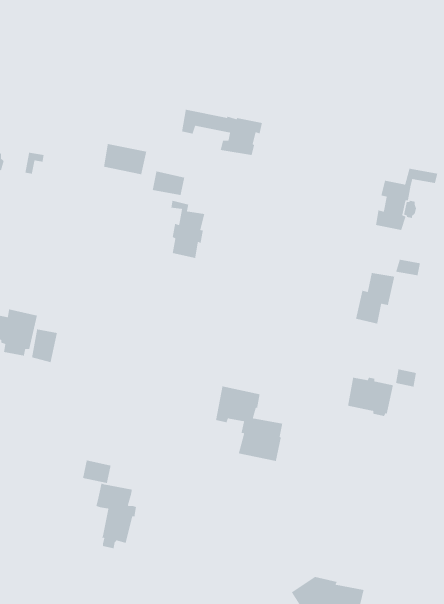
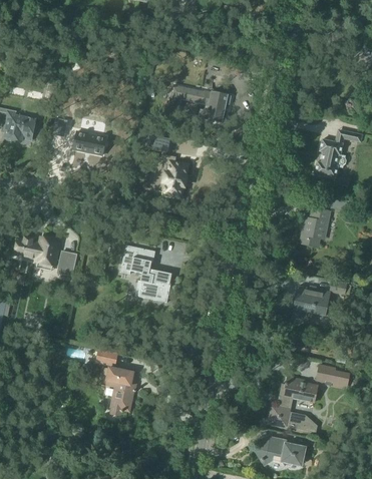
building: [103,143,147,175] -> [73,130,106,154]
building: [215,386,283,462] -> [120,245,171,302]
building: none -> [317,365,348,388]
building: none -> [268,376,317,432]

